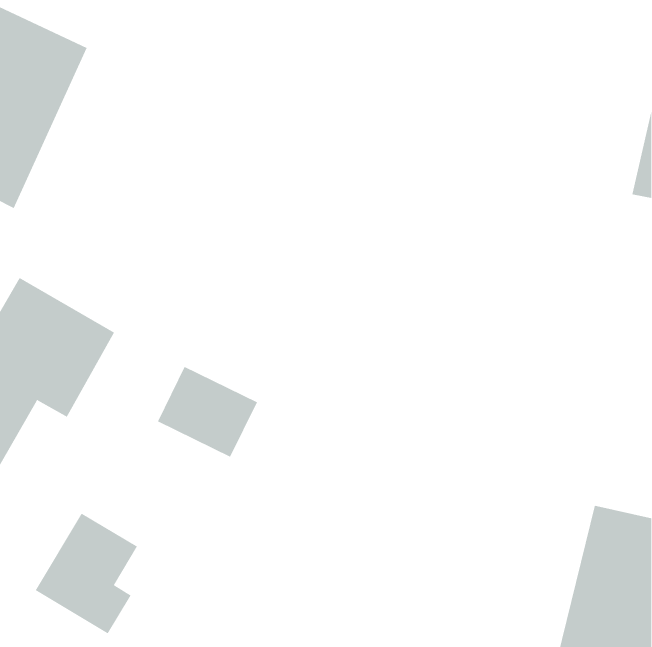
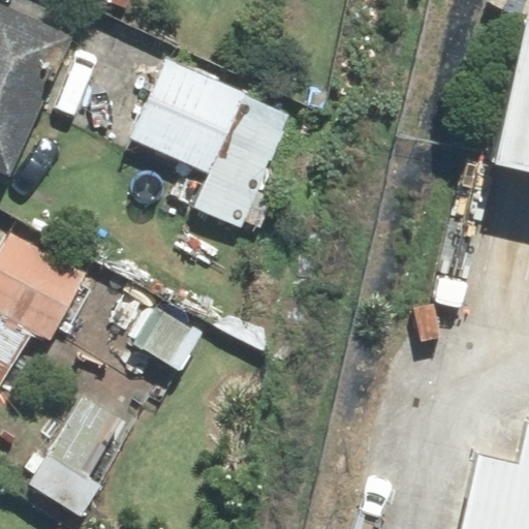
building: none -> [128,56,287,231]

